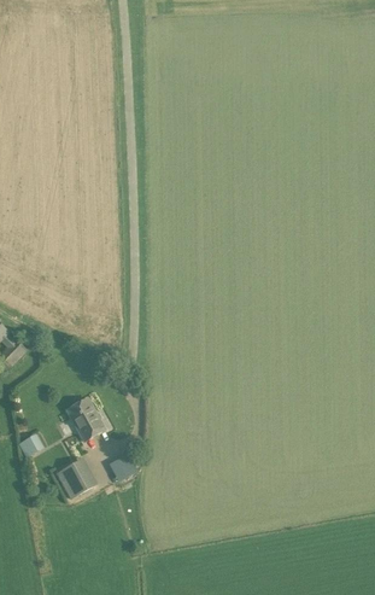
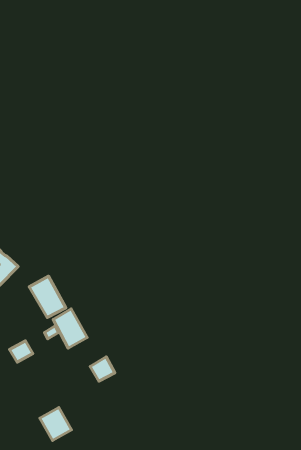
building: none -> [29,276,66,317]
building: [57,460,93,497] -> [40,408,72,441]

